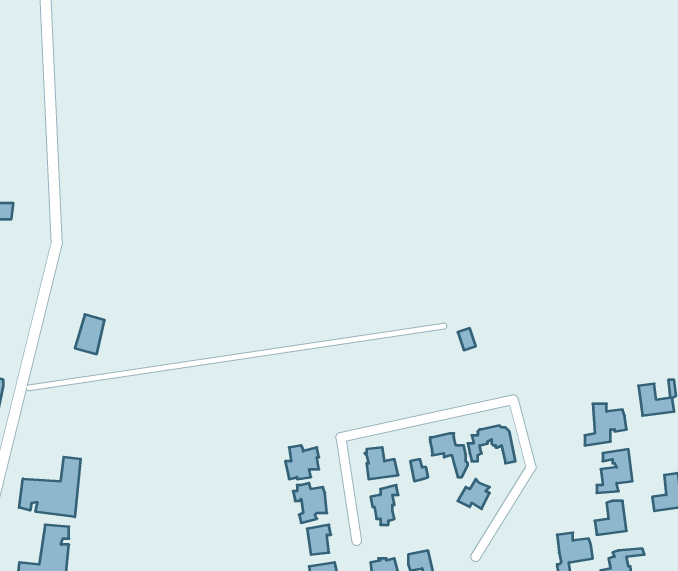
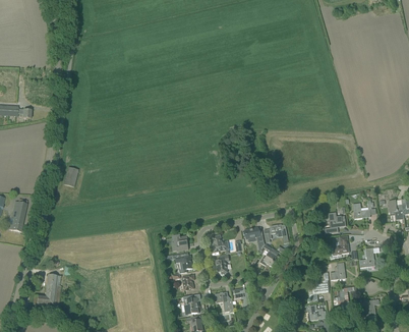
building: [19,457,81,517] -> none

